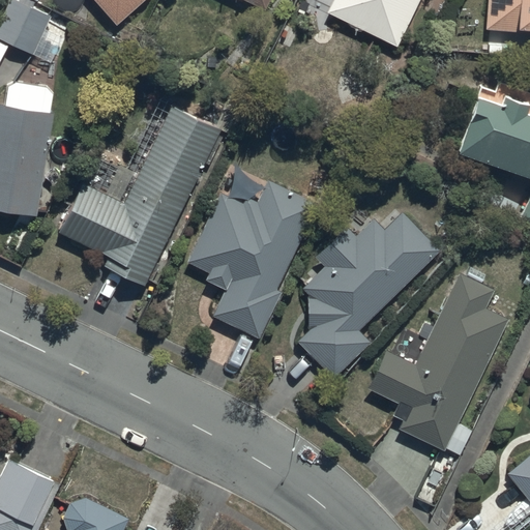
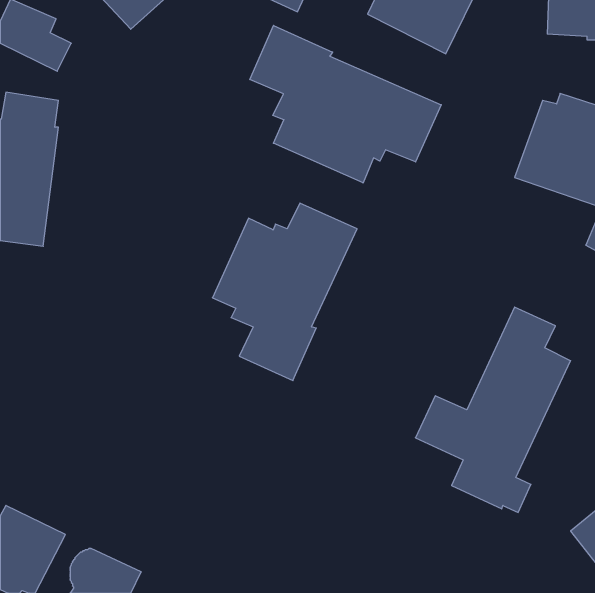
building: none -> [250,25,441,183]
building: [58,97,220,287] -> none
building: [299,212,440,377] -> none

